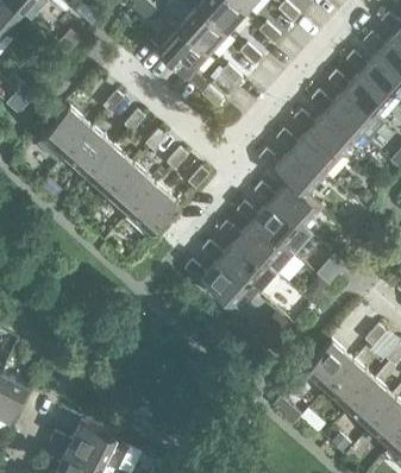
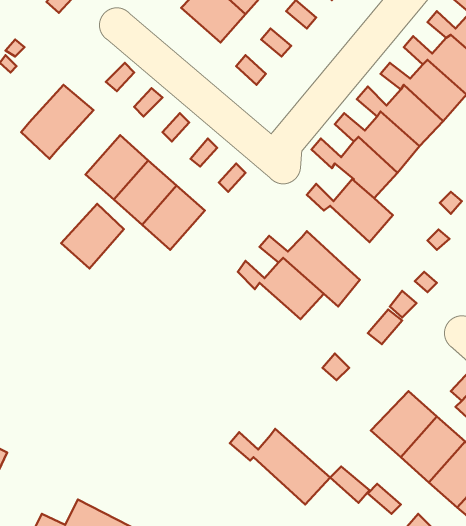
building: [64,126,112,175] -> [61,204,124,268]
building: [236,198,301,245] -> none
building: [183,257,259,314] -> [230,429,330,504]

